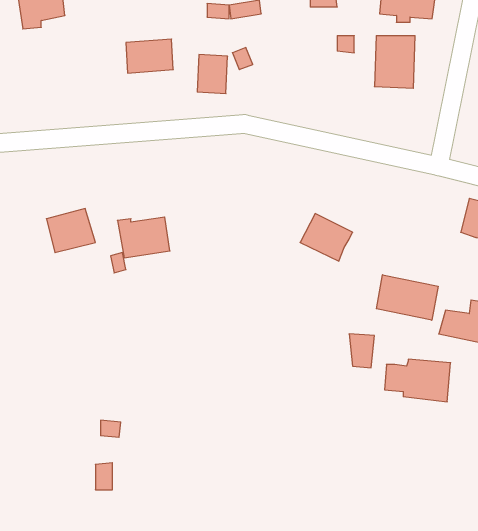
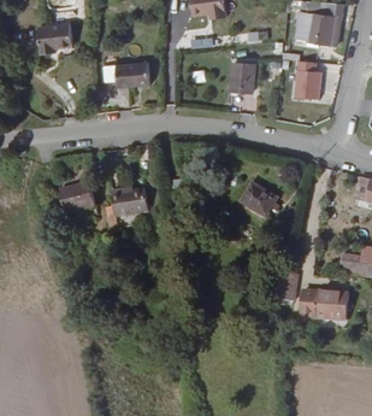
building: [197,55,228,94] -> [234,65,255,93]
building: [376,275,438,320] -> none

